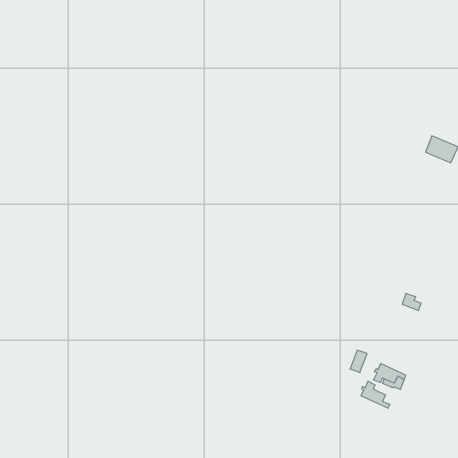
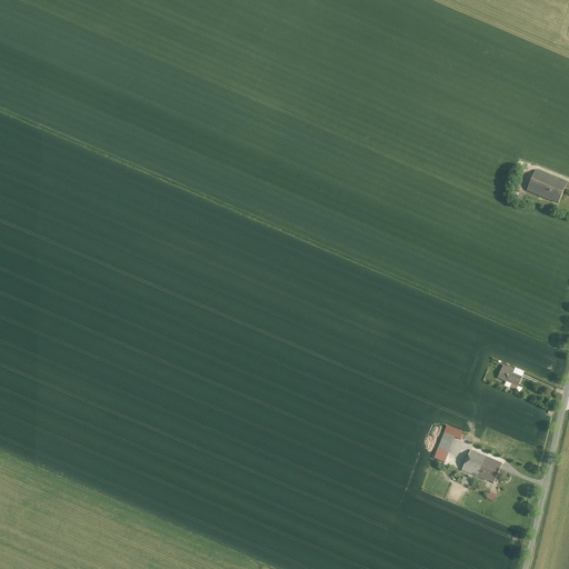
building: [361,381,390,408] -> none

